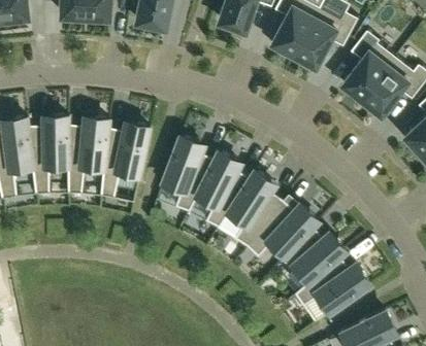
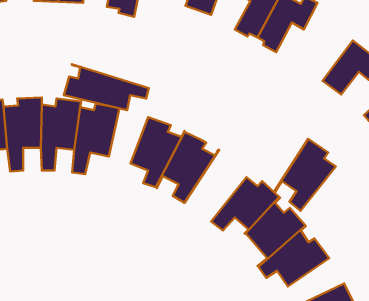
building: [342,30,394,99] -> none
building: none -> [64,64,149,110]
building: [218,171,283,246] -> [274,139,336,211]

